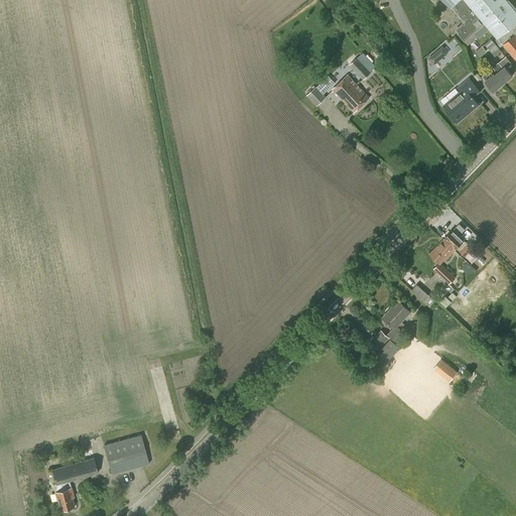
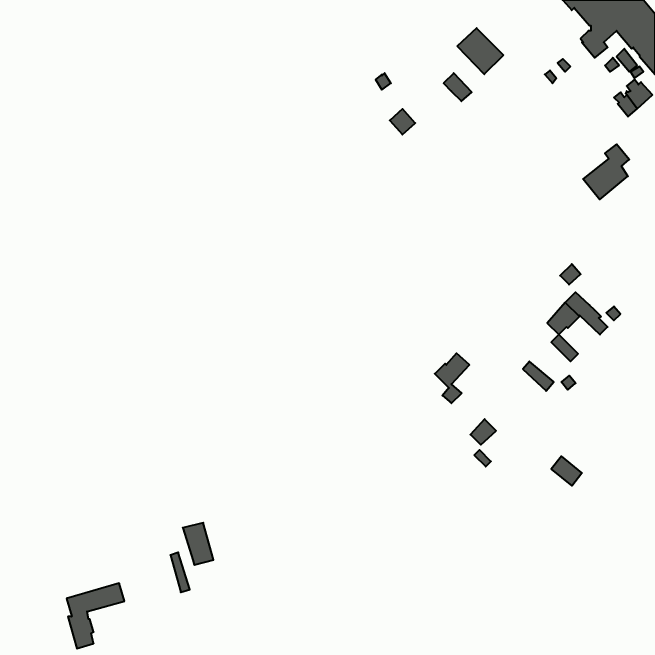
building: [333,76,369,112] -> [457,28,503,74]
building: [443,79,480,122] -> [583,144,629,199]
building: [383,301,410,341] -> [435,353,469,403]
building: [103,440,127,474] -> [183,523,213,565]

